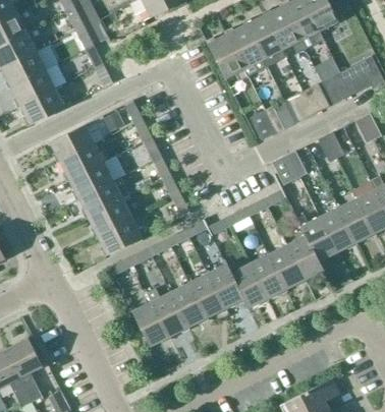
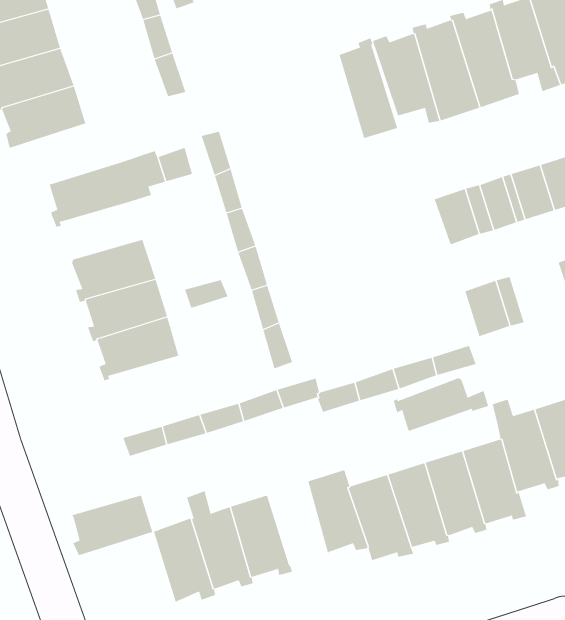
building: none -> [339,37,398,139]
building: [59,143,103,181] -> none
building: none -> [393,377,489,431]
building: [97,219,141,255] -> [71,495,153,556]
building: [188,273,226,317] -> none

